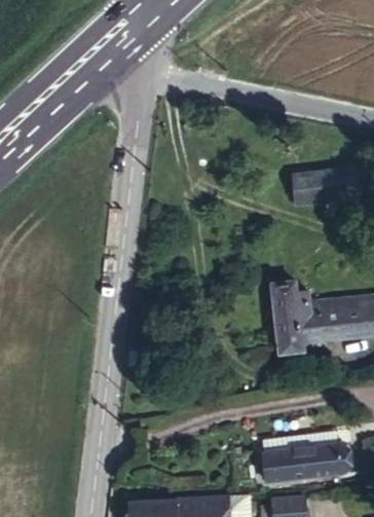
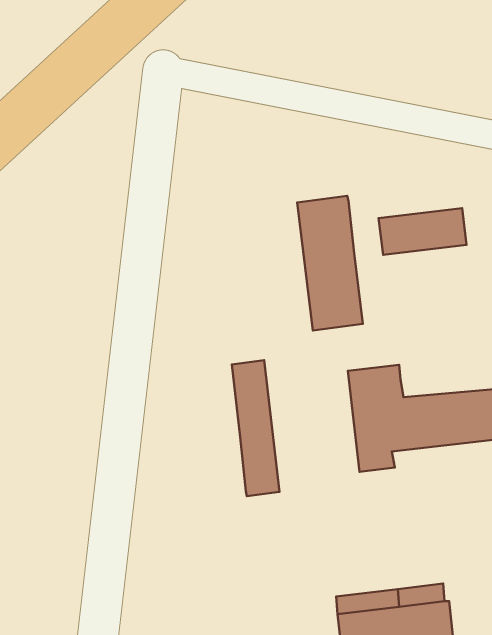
building: none -> [297,196,363,330]
building: none -> [232,360,280,496]

